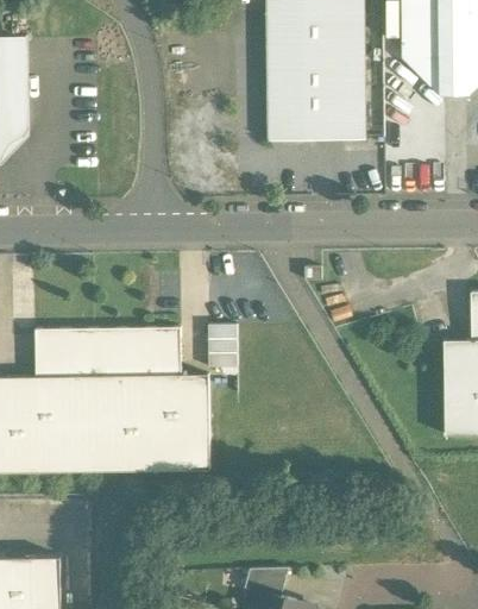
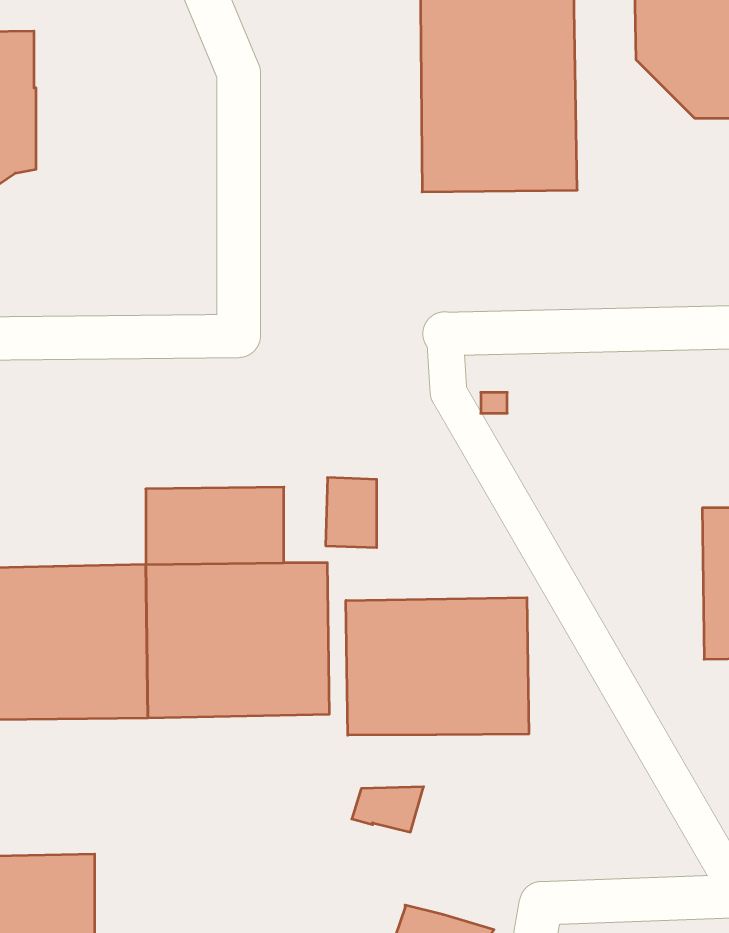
building: [34,327,94,376] -> none
building: none -> [346,598,529,735]
building: [244,566,289,595] -> [352,787,424,832]

